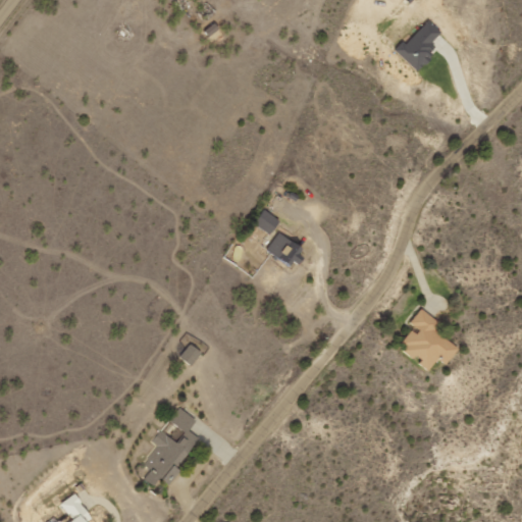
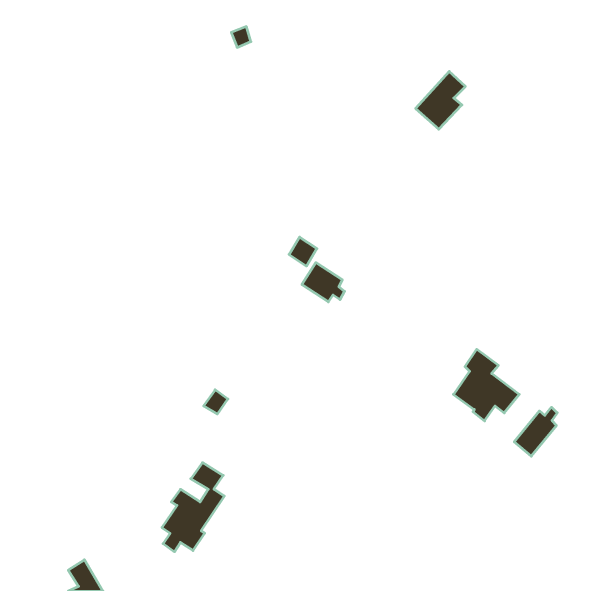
building: [397,19,440,70] -> [416,71,465,129]
building: none -> [514,407,557,456]

